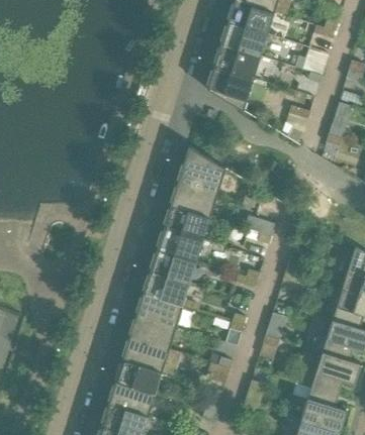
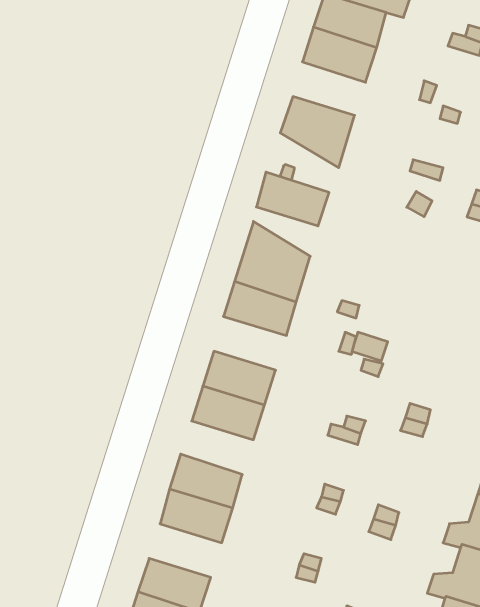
building: [213,43,260,78] -> [256,172,329,226]
building: [163,206,209,240] -> none
building: [142,273,188,307] -> none
building: [121,338,168,372] -> none

